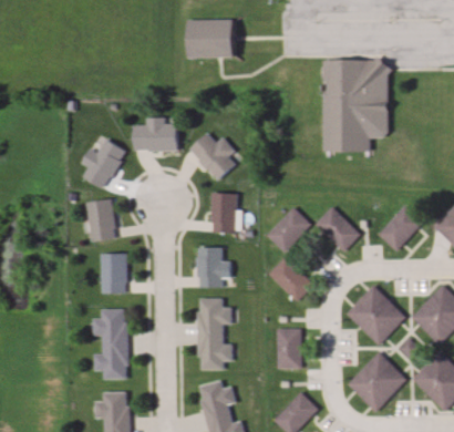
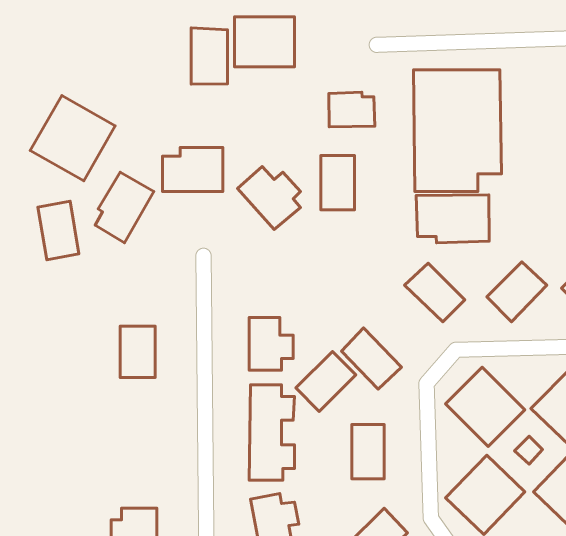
building: none -> [191,28,227,84]
building: none -> [329,92,375,127]
building: none -> [30,95,115,181]
building: none -> [416,195,489,243]
building: [211,193,237,234] -> [321,156,355,210]
building: [86,198,117,243] -> [38,201,79,260]
building: [267,206,312,251] -> [296,351,356,411]
building: [93,308,127,379] -> none

